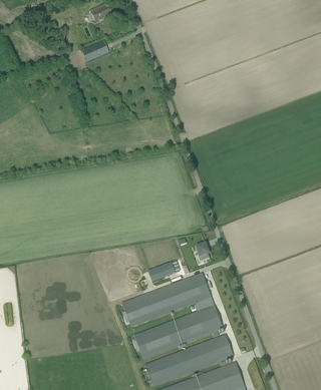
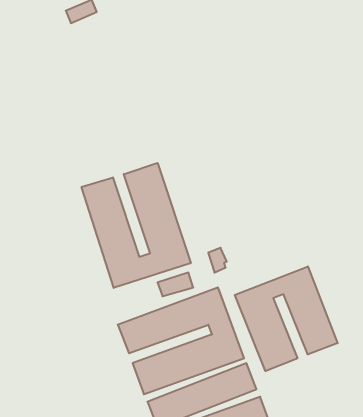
building: none -> [82,163,191,288]
building: none -> [235,266,338,371]

